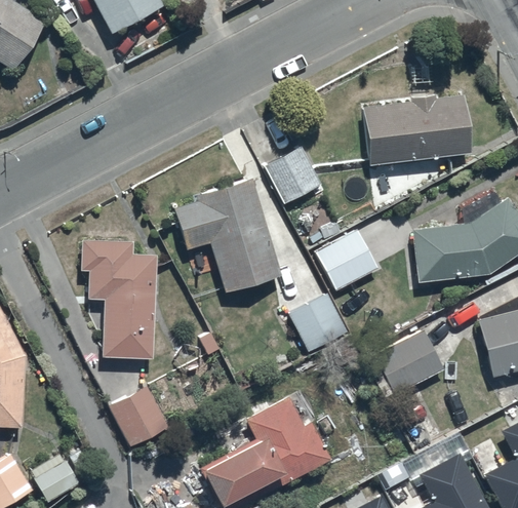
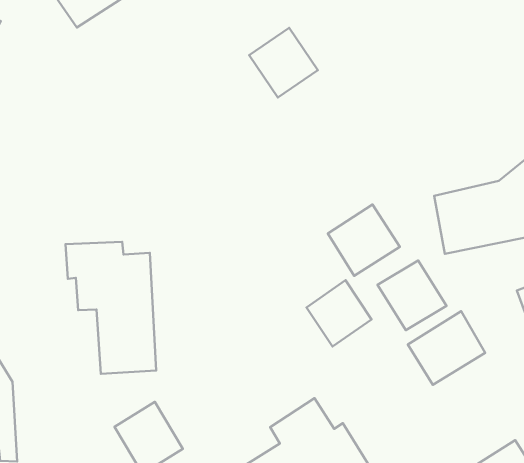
building: [365,109,470,164] -> none
building: [263,146,322,206] -> [249,28,318,97]
building: [175,178,281,290] -> none
building: none -> [377,260,446,330]

